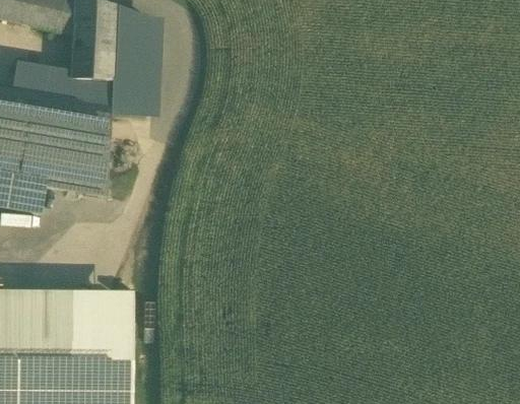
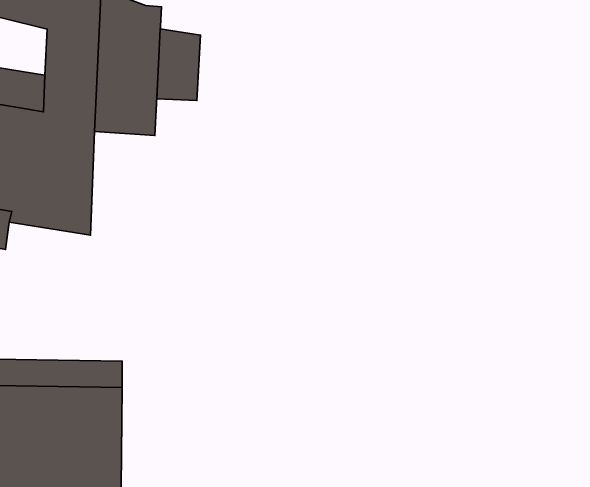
building: none -> [157,29,201,100]

